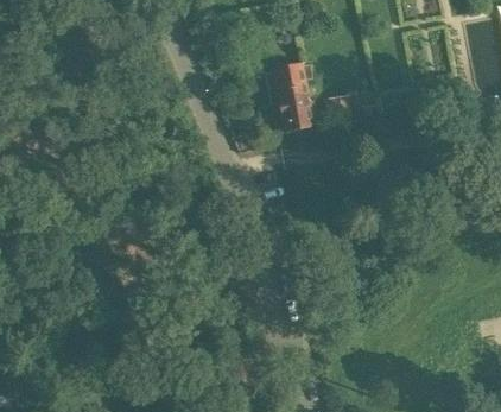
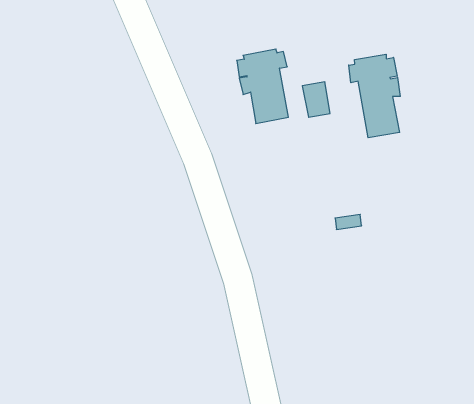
building: none -> [349,54,400,138]

